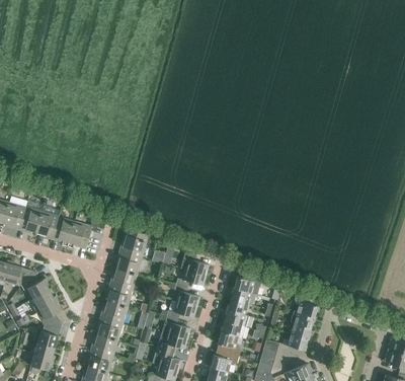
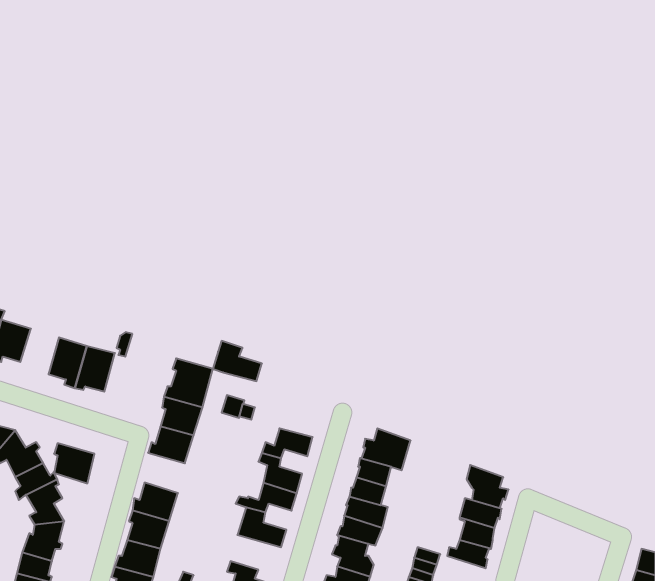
building: [35,212,58,238] -> none
building: [179,251,208,275] -> [213,341,262,381]
building: [107,284,131,307] -> [54,443,94,483]
building: [157,331,186,352] -> none

